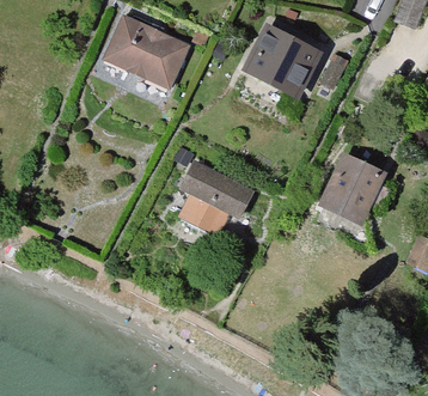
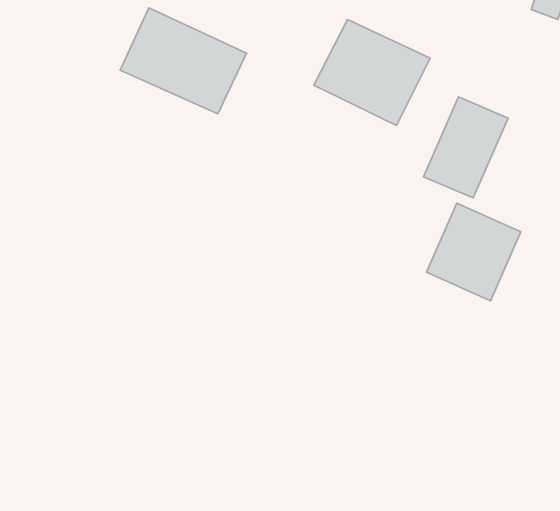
building: none -> [423,97,508,198]
building: [179,159,253,233] -> none

